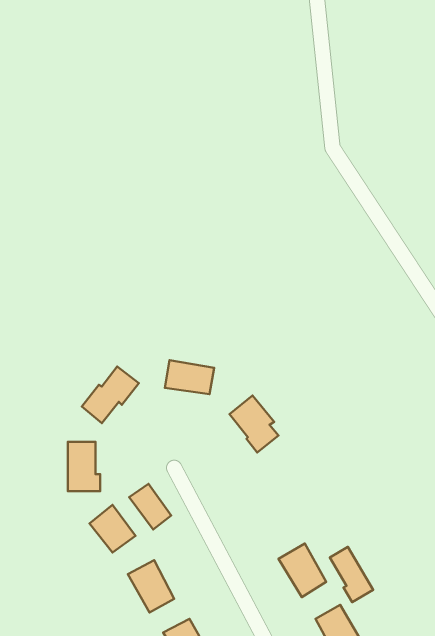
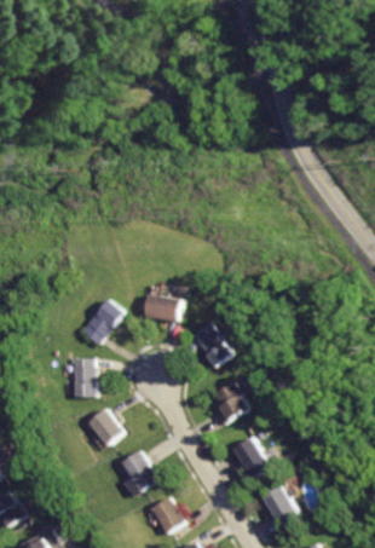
building: none -> [215,382,254,426]
building: [129,484,171,529] -> none
building: [330,547,373,602] -> none

